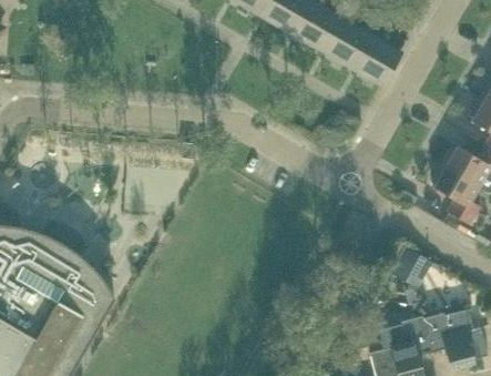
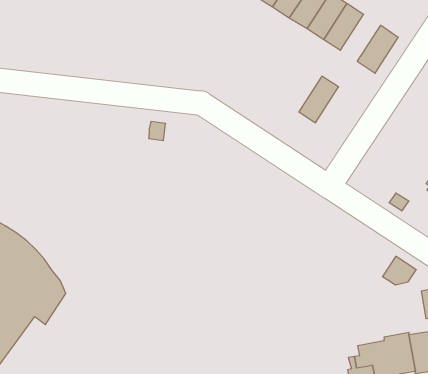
building: [348,33,382,75] -> [299,76,339,123]

